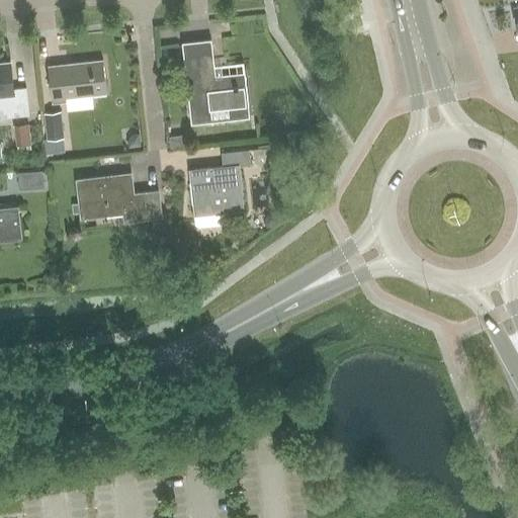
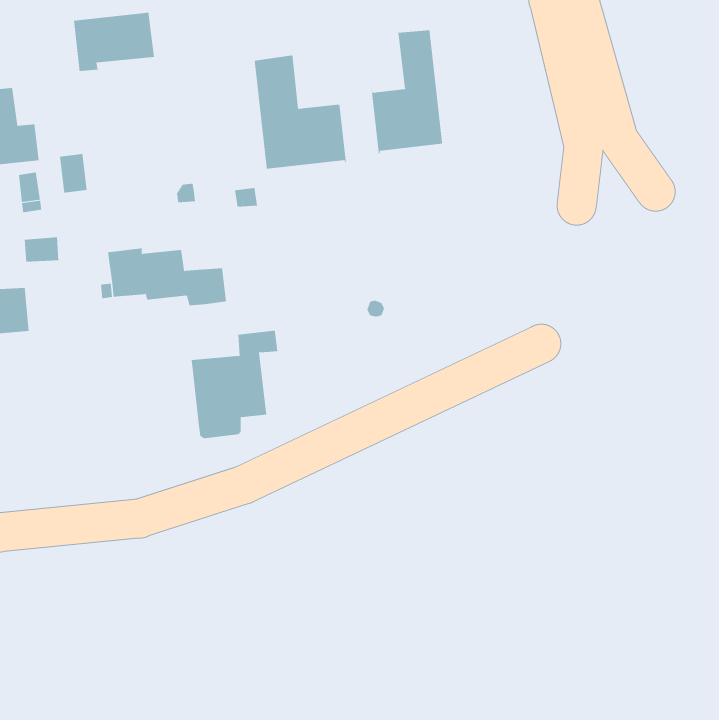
building: none -> [371,30,443,155]
building: [48,62,106,104] -> [73,12,155,71]
building: [189,150,252,228] -> [191,330,278,439]

